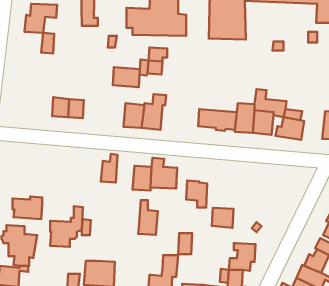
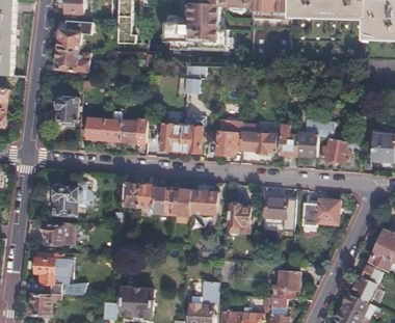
building: none -> [55,49,77,71]
building: [113,67,140,87] -> [118,120,147,141]
building: none -> [57,97,80,120]
building: none -> [215,122,241,154]
building: none -> [122,176,139,206]
building: none -> [315,199,338,224]
building: [138,200,158,235] -> [152,178,173,214]
building: [50,206,83,247] -> [56,171,90,214]
building: [212,208,234,228] -> [263,198,286,219]

